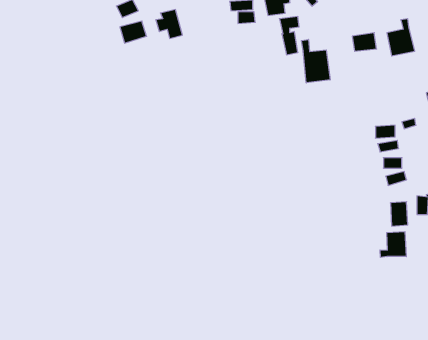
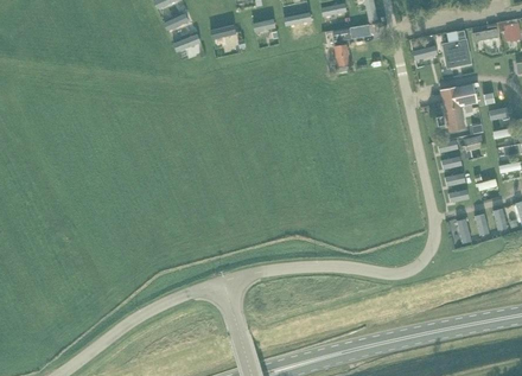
building: [301,39,330,83] -> none
building: none -> [447,83,484,132]
building: [380,232,406,257] -> none

